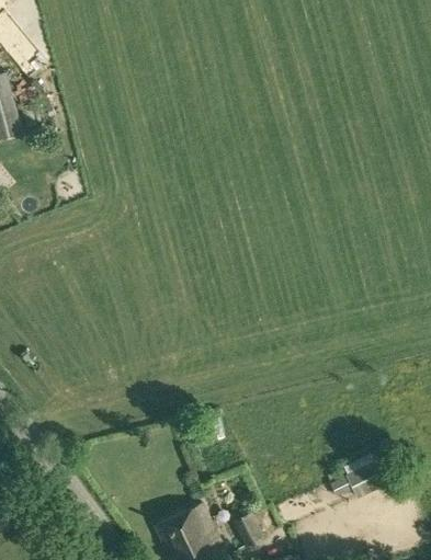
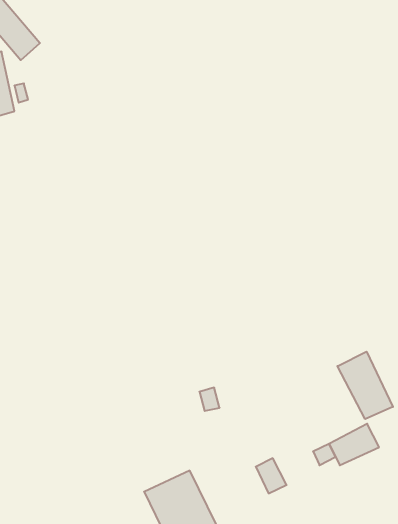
building: none -> [337,352,393,419]
building: [234,513,265,549] -> [256,458,287,493]

